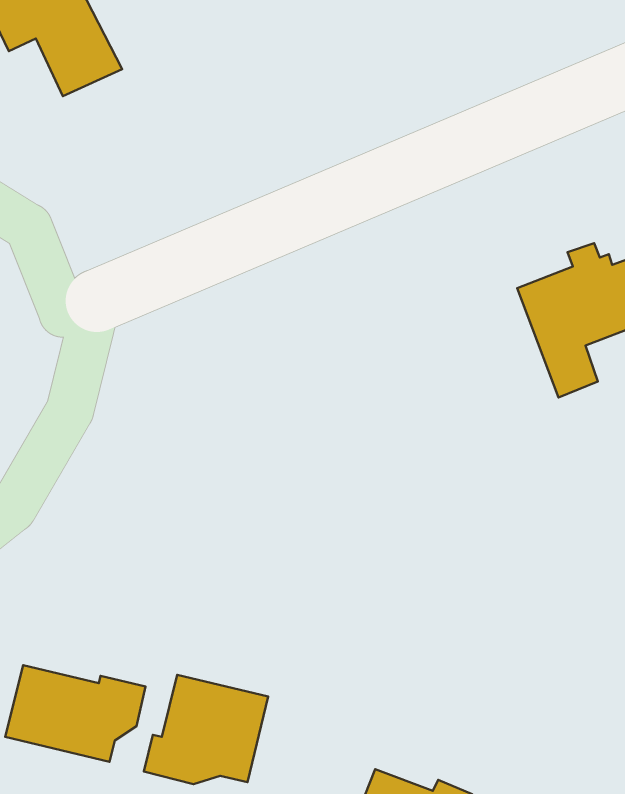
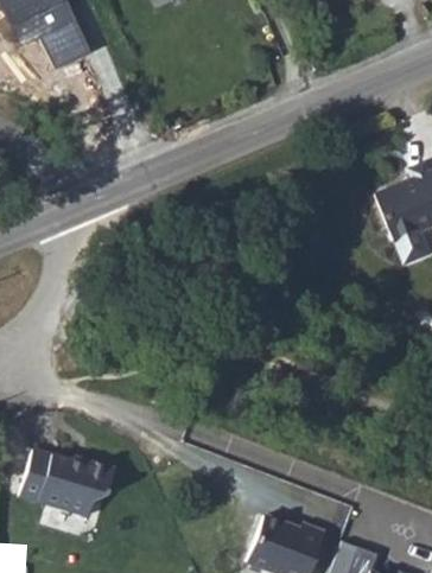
building: [144,675,268,784] -> none

